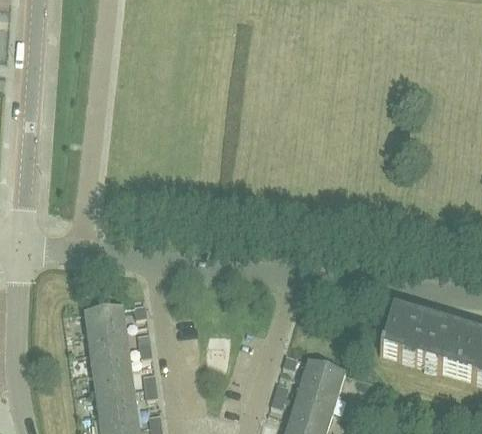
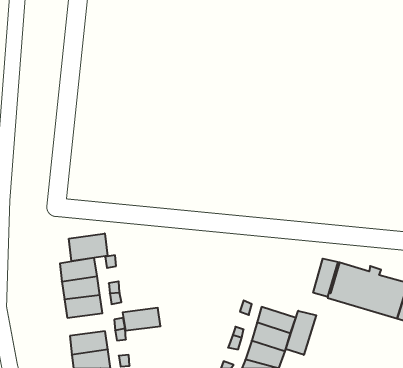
building: none -> [69,233,108,261]
building: none -> [313,259,338,297]
building: none -> [286,311,316,355]
building: [93,362,135,387] -> [123,308,161,331]

